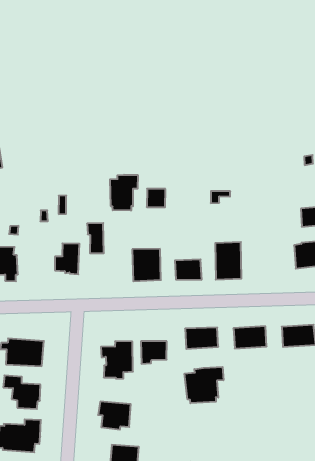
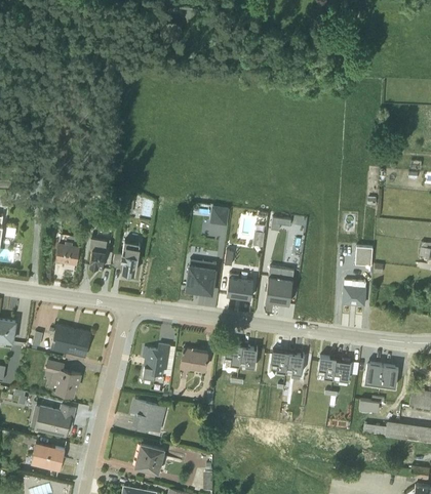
building: [110,175,138,211] -> none
building: [87,223,104,253] -> [89,239,107,270]
building: [185,367,223,403] -> none

